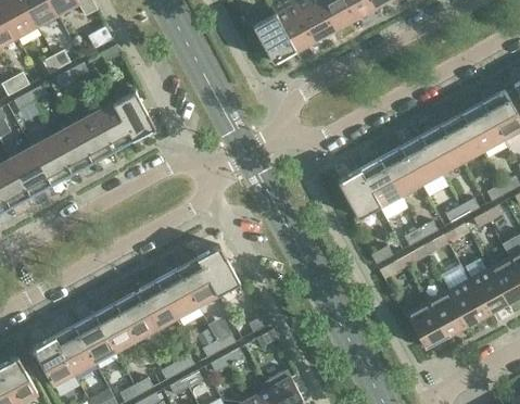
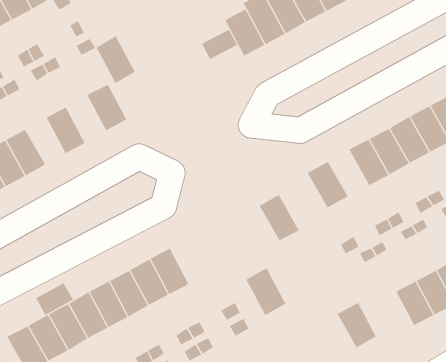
building: none -> [201,29,238,60]
building: [92,102,132,151] -> [96,36,135,84]
building: [51,125,91,173] -> none
building: [358,157,399,205] -> [259,194,299,241]
building: [198,245,239,294] -> [246,268,286,316]
building: none -> [35,282,74,316]
building: [405,302,445,349] -> [337,302,377,348]

